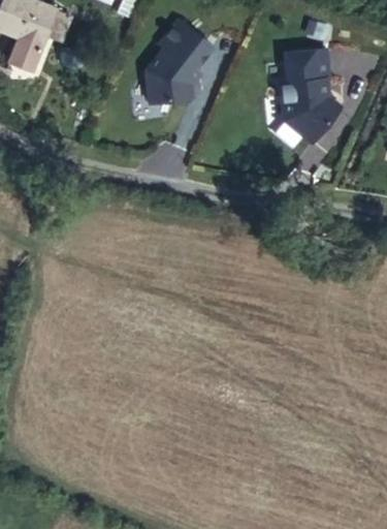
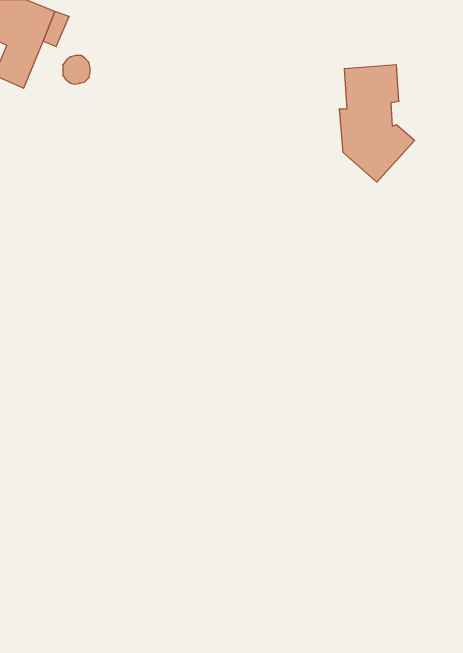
building: [150,15,214,100] -> none

